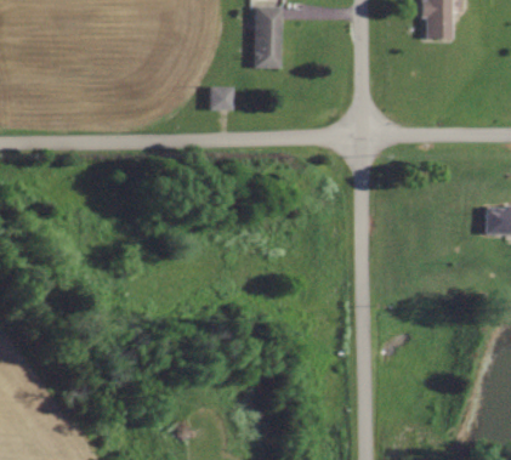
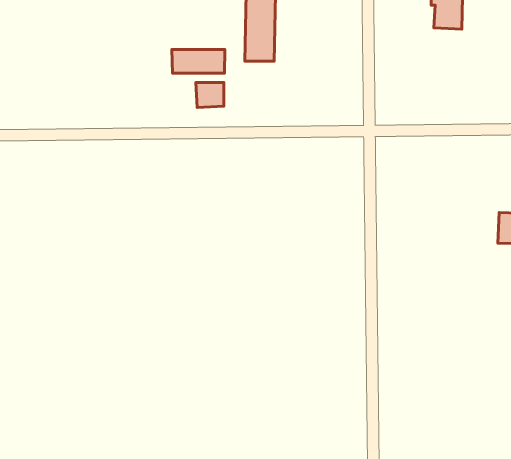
building: none -> [172,50,225,73]

